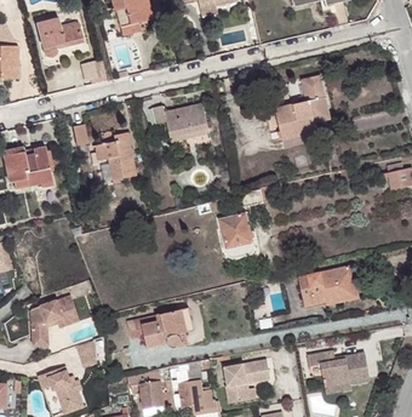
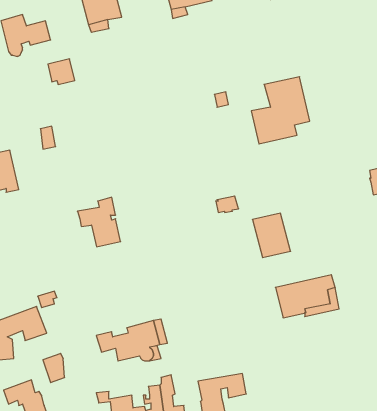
building: [153,103,208,142] -> none
building: [93,132,135,179] -> [77,197,121,247]
building: [218,213,254,256] -> [252,213,291,258]
building: [307,350,368,388] -> none

